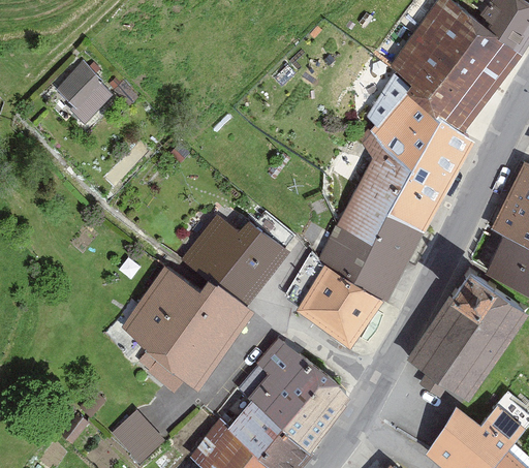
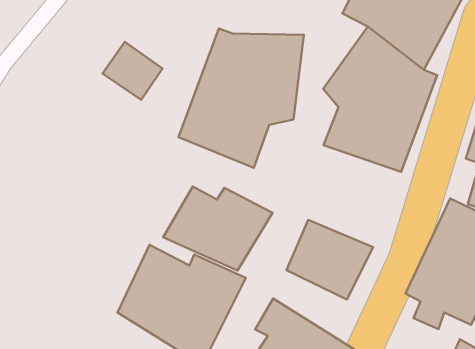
building: [55,62,115,122] -> [102,42,162,100]
building: none -> [178,29,304,168]
building: [318,194,424,303] -> none

